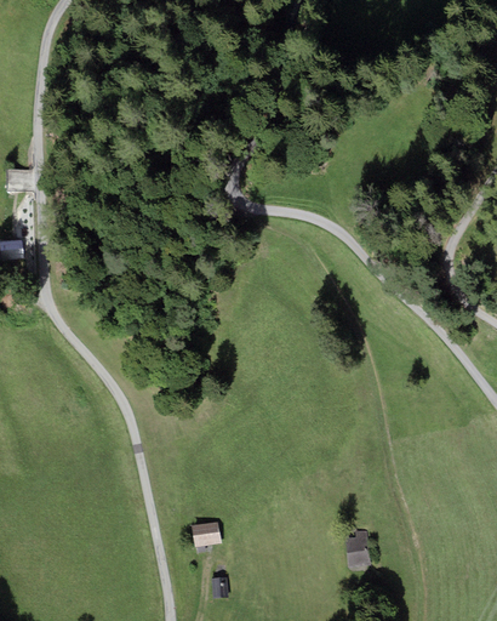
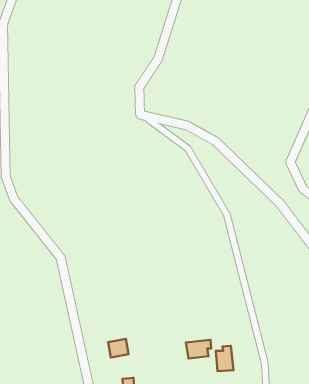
building: none -> [186,340,211,358]

